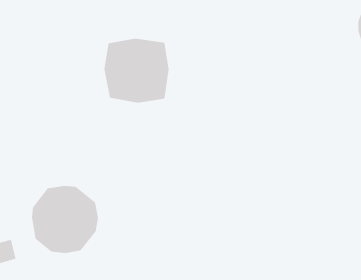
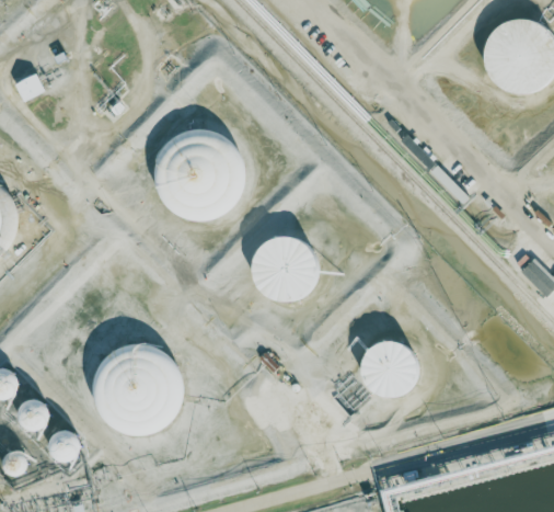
building: none -> [257,237,315,297]
building: none -> [362,338,420,398]

